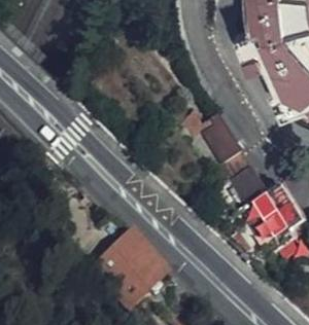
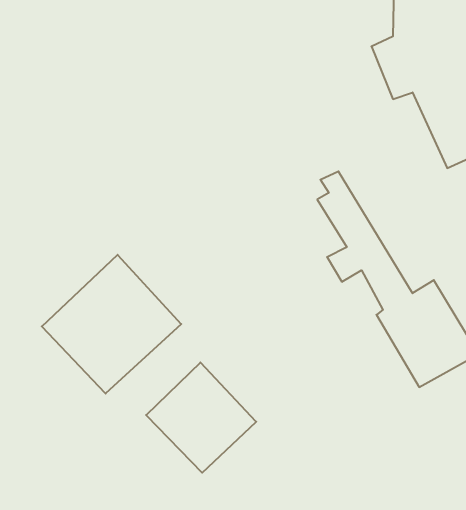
building: none -> [42,255,181,394]

